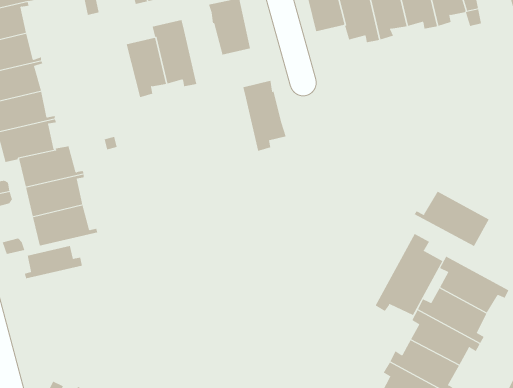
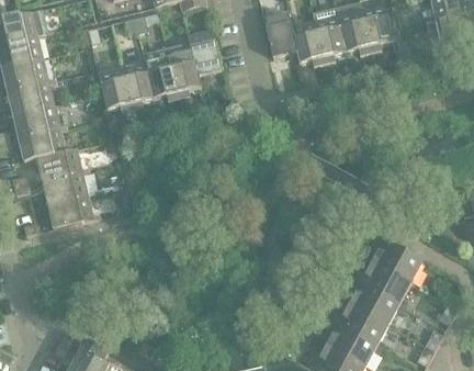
building: none -> [98,67,132,112]
building: [242,80,286,152] -> [166,42,201,99]
building: [414,191,489,247] -> none
building: [375,233,443,316] -> none
building: [24,245,82,279] -> none

